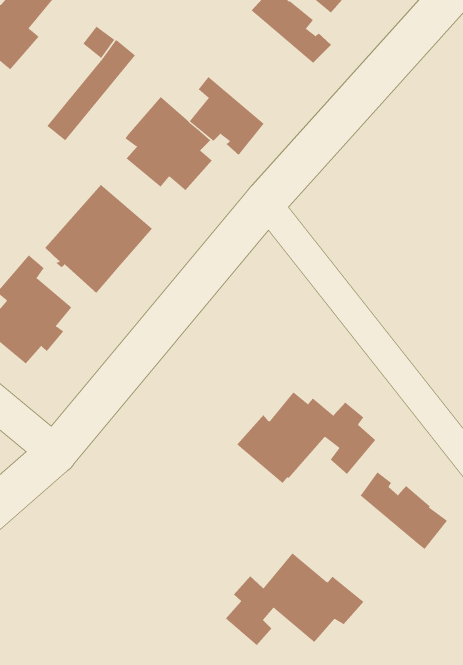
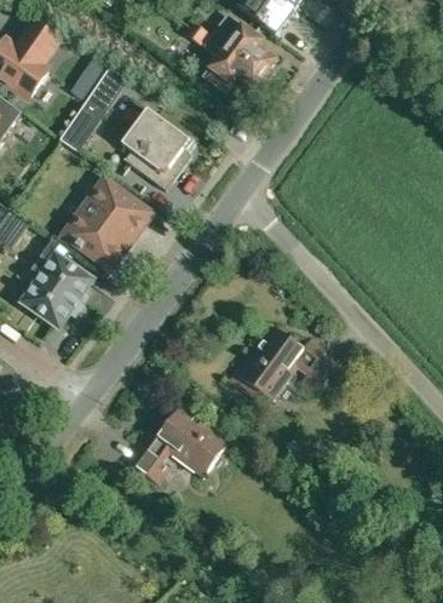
building: [189,76,265,156] -> [205,39,264,99]
building: [360,472,448,550] -> none
building: [225,553,364,646] -> [132,406,240,481]

